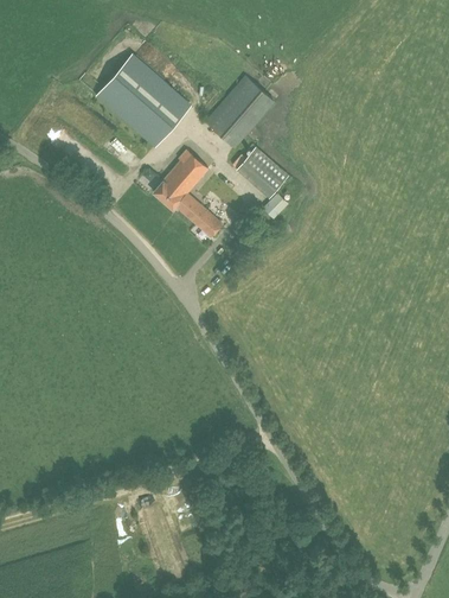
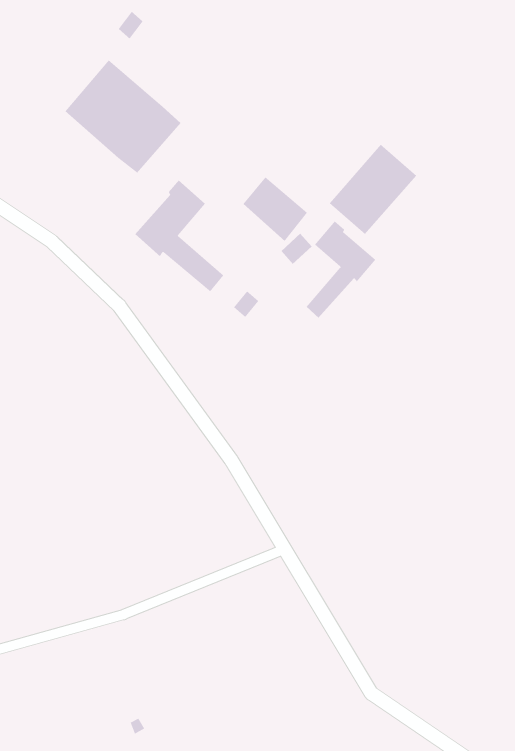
building: [205,76,274,147] -> [329,144,417,235]
building: none -> [306,221,376,319]

